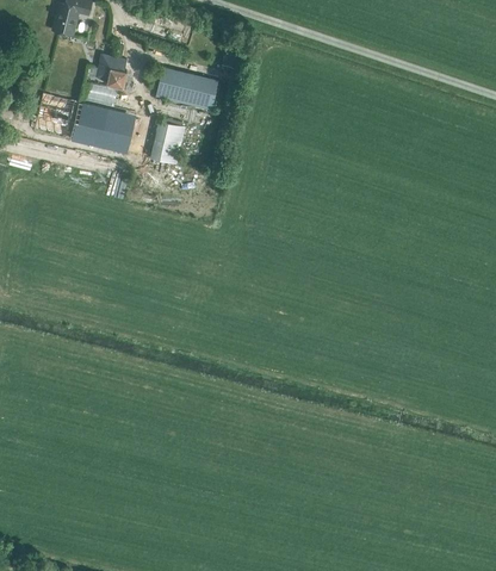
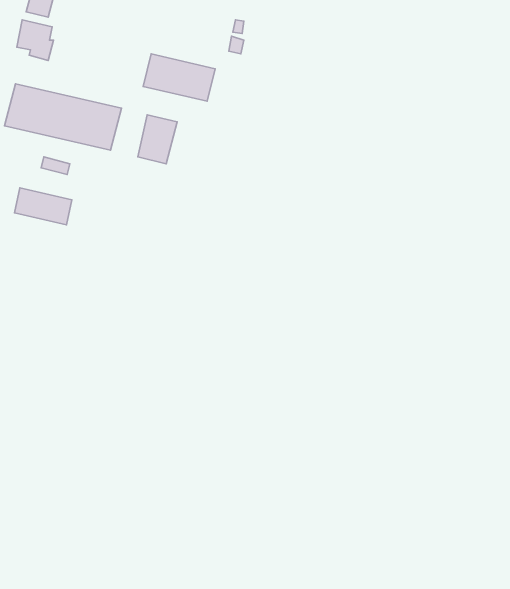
building: [97,54,129,89] -> [17,20,54,61]
building: none -> [15,188,72,225]

